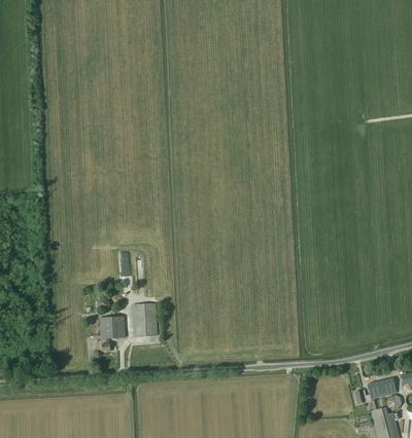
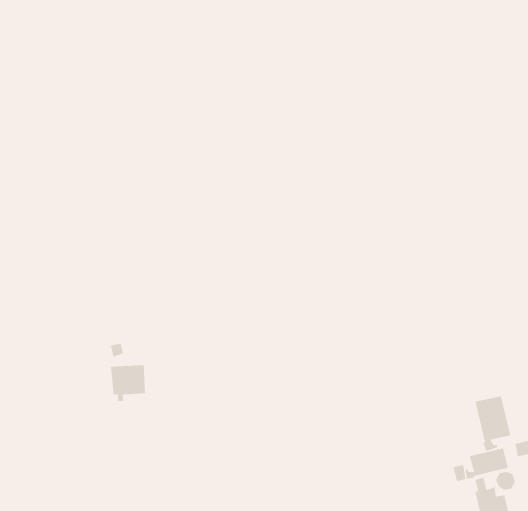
building: [133,302,158,336] -> none
building: none -> [475,395,511,452]

